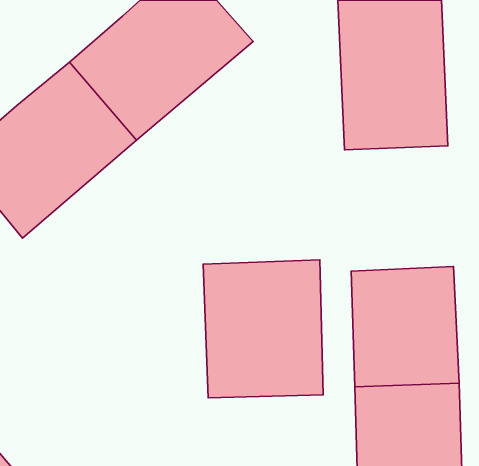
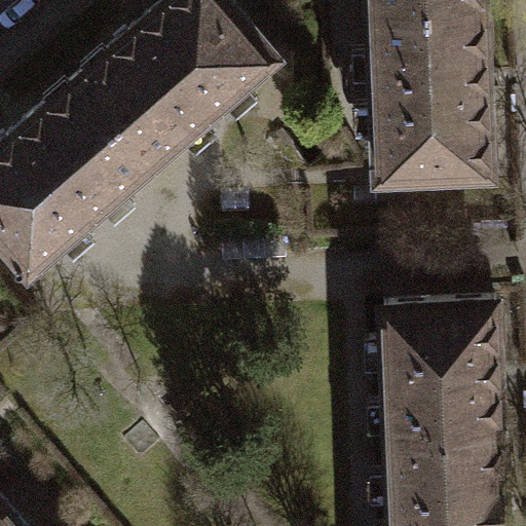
building: [203,260,323,398] -> none

